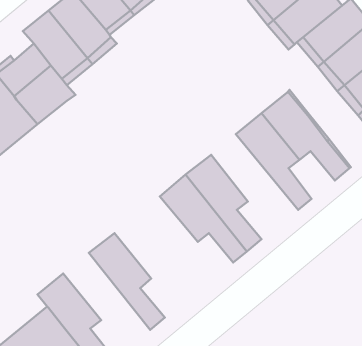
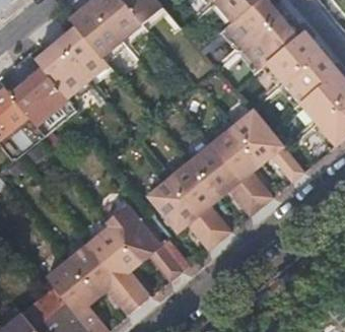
building: none -> [190,143,262,215]
building: none -> [106,201,190,280]
building: none -> [67,242,139,315]

